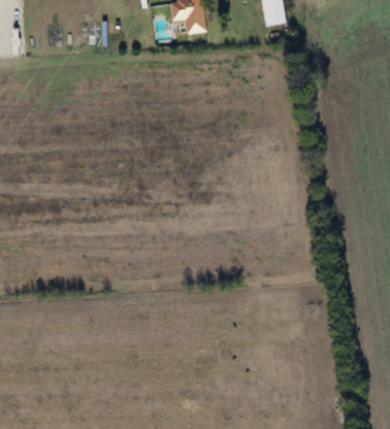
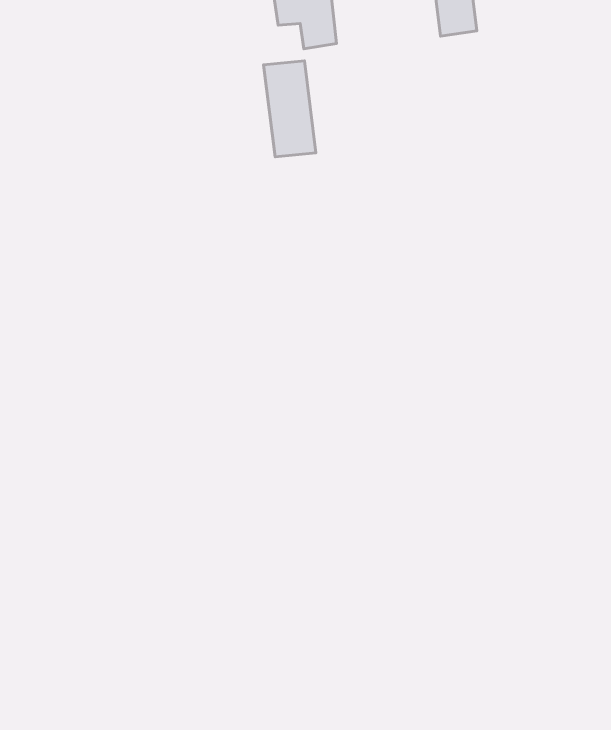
building: none -> [264,61,316,157]

